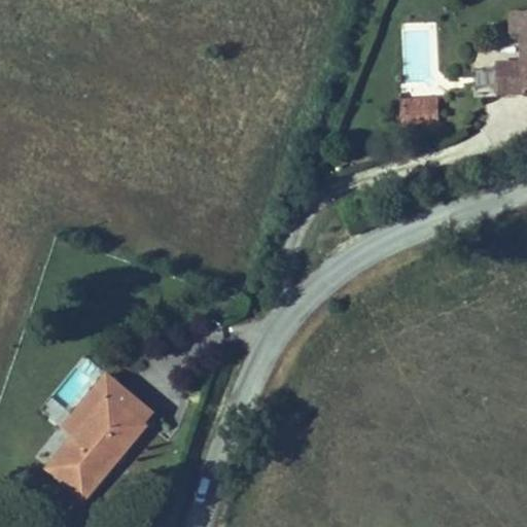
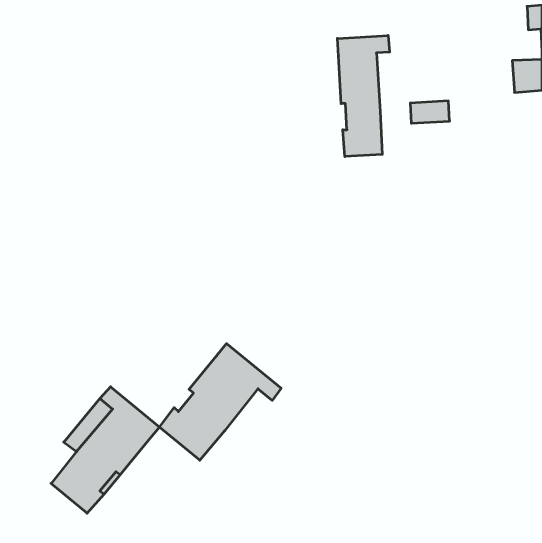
building: none -> [337,35,390,157]
building: none -> [159,344,281,460]

